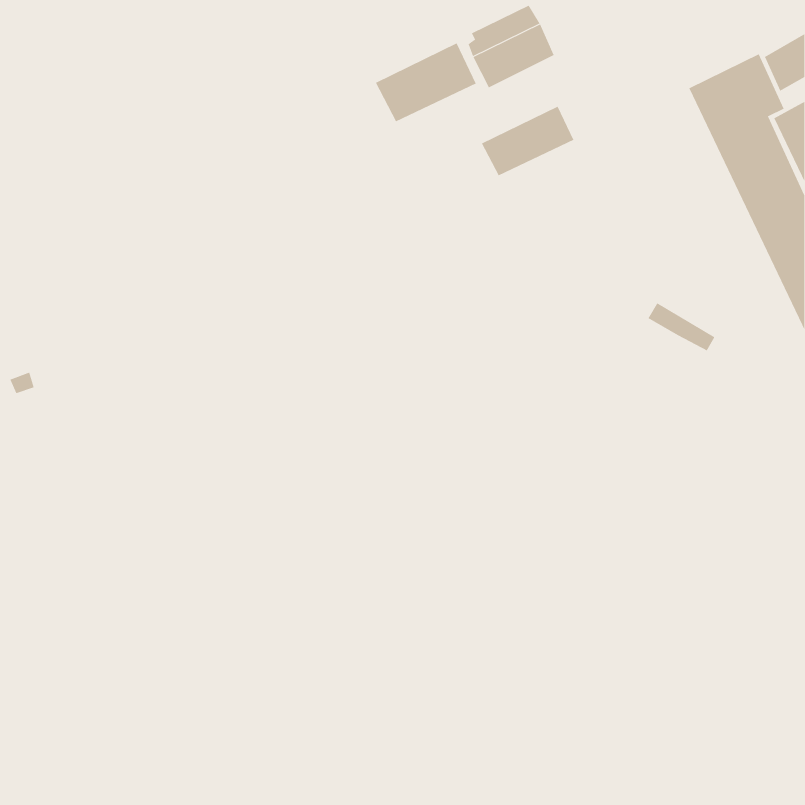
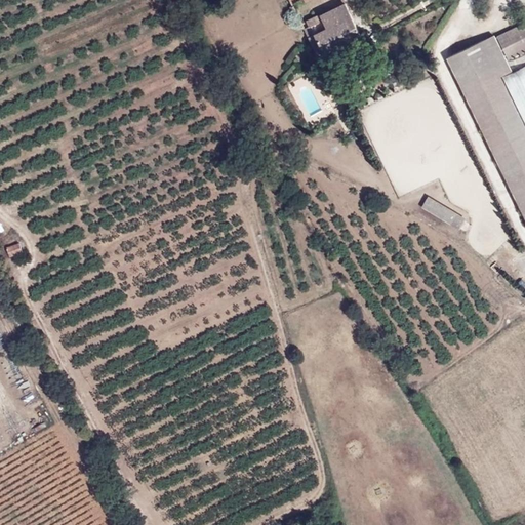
building: [375,43,477,122] -> none
building: [481,106,574,176] -> none

